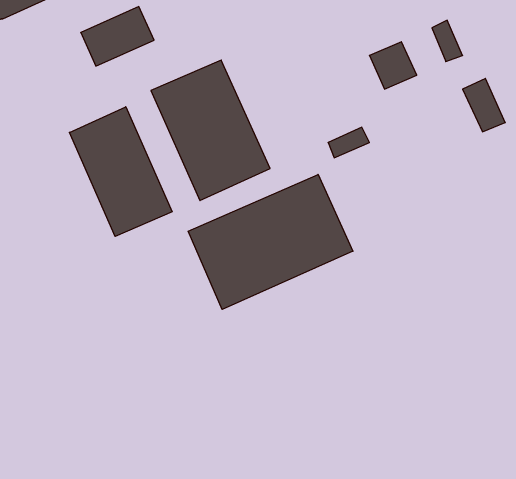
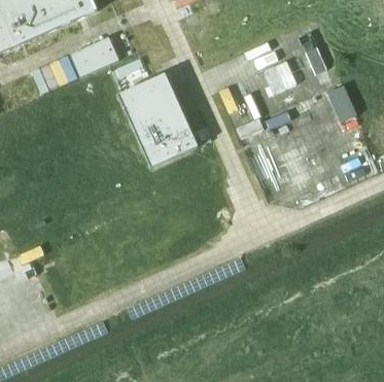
building: [69,107,172,236] -> none
building: [188,174,353,309] -> none

